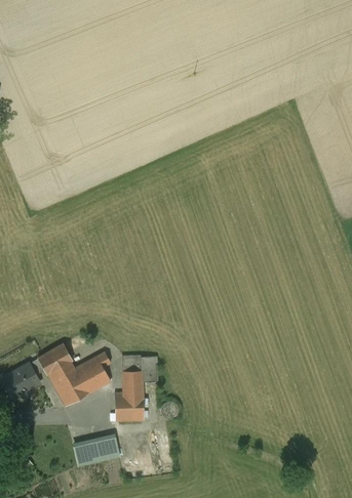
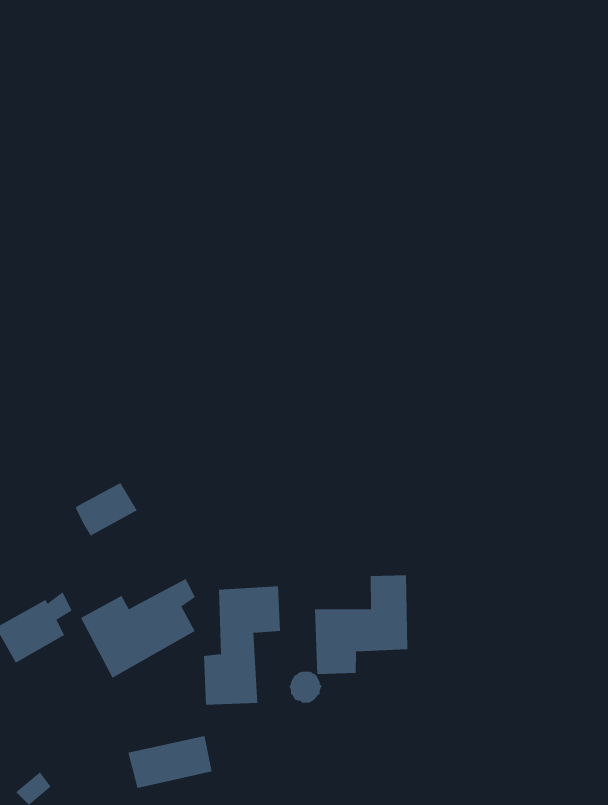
building: [38,344,72,374] -> [75,482,138,537]
building: none -> [314,575,408,675]

